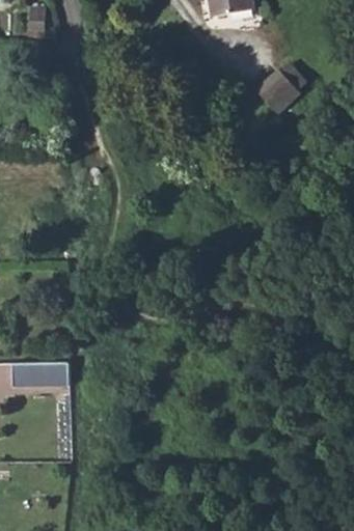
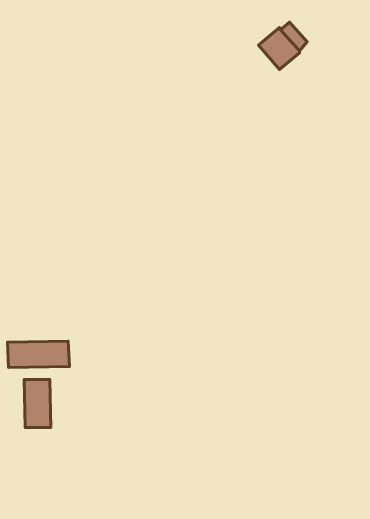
building: none -> [24,379,51,427]

